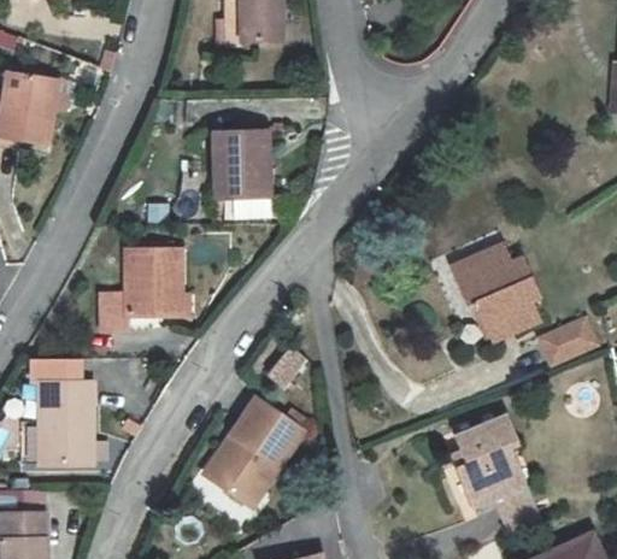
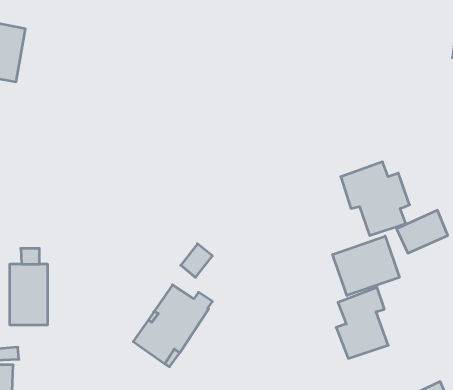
building: [216,129,265,196] -> none
building: [101,251,177,333] -> none
building: none -> [333,236,399,296]

